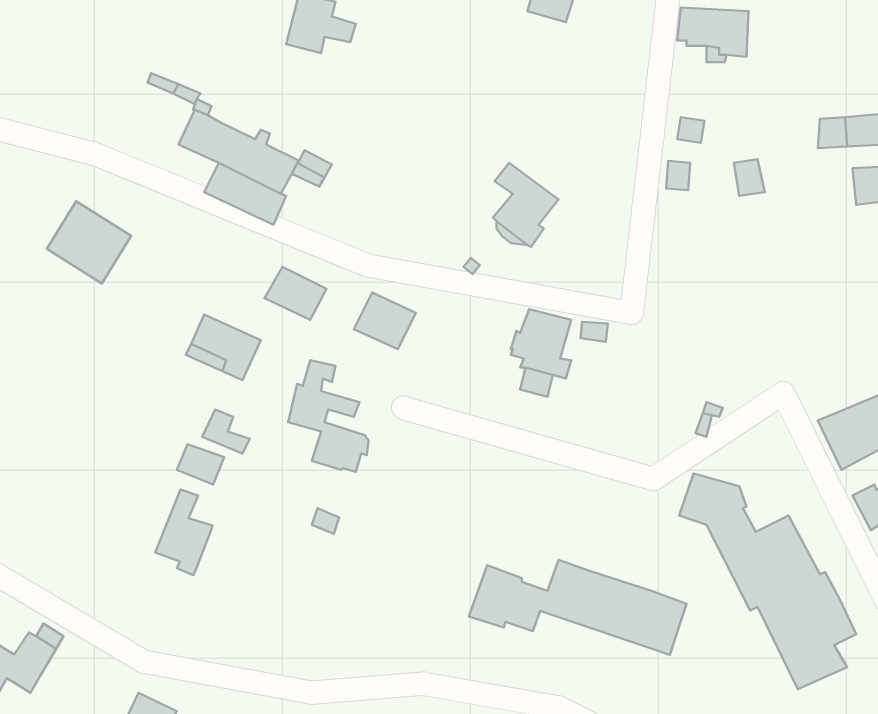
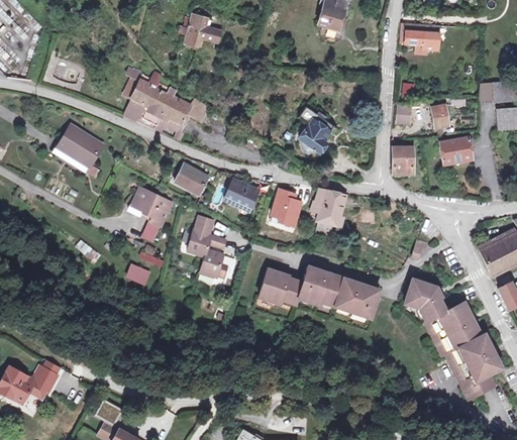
building: none -> [441,138,474,164]
building: none -> [392,146,412,173]
building: none -> [271,189,301,225]
building: [155,489,212,575] -> none
building: [469,560,686,655] -> [258,265,379,318]

